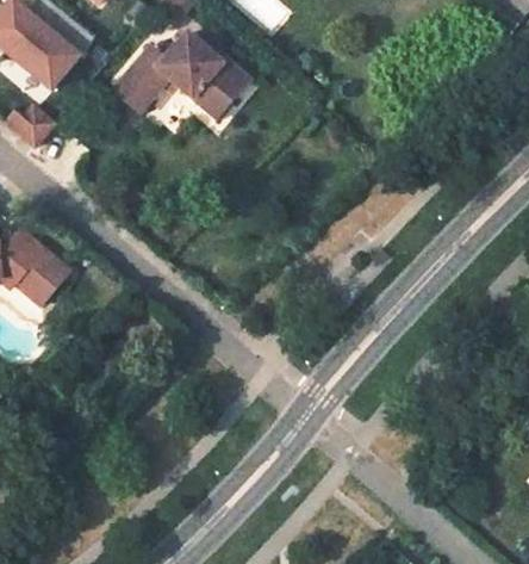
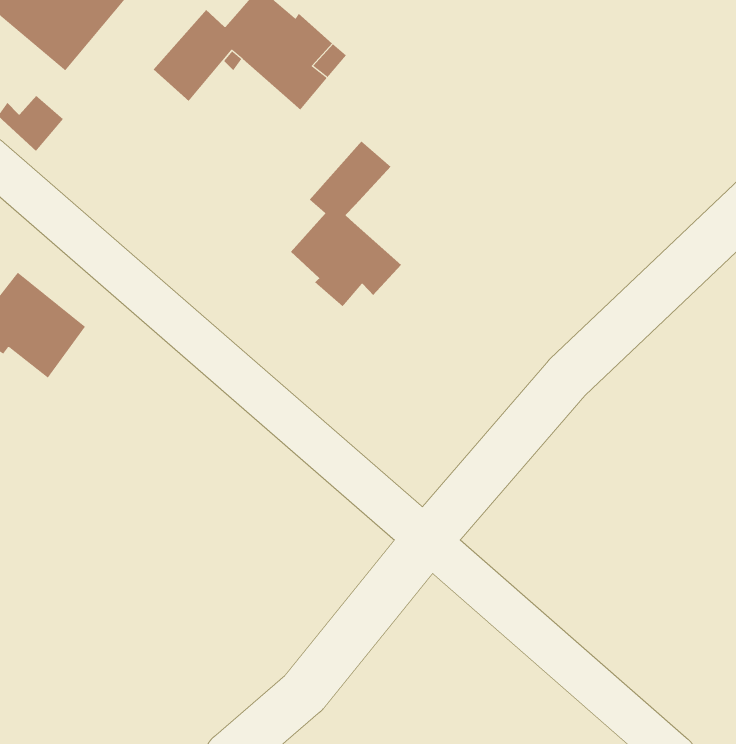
building: none -> [290,141,402,307]

